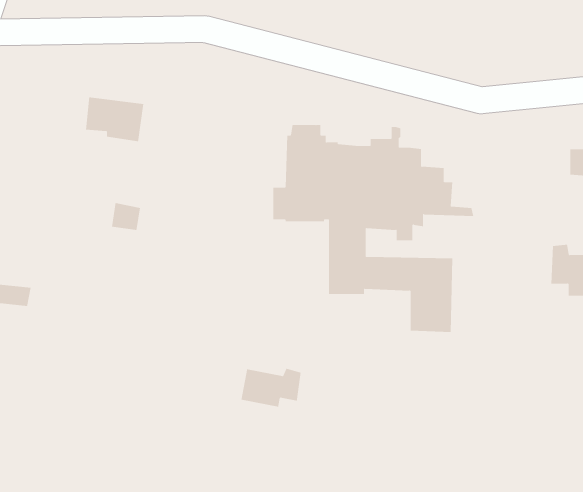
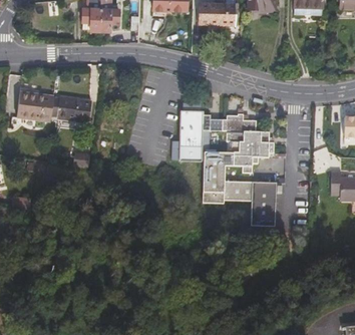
building: none -> [19,84,57,113]
building: [241,368,301,407] -> none

